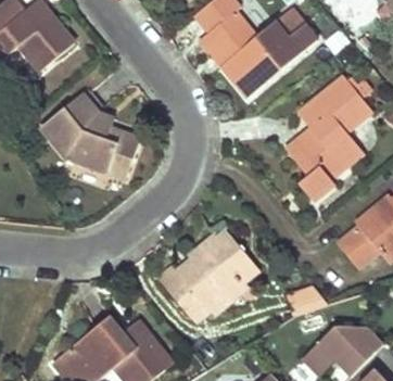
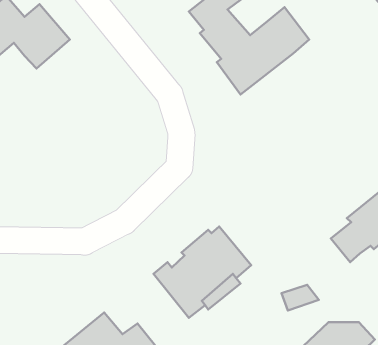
building: [284,74,372,200] -> none
building: [40,92,138,177] -> none

